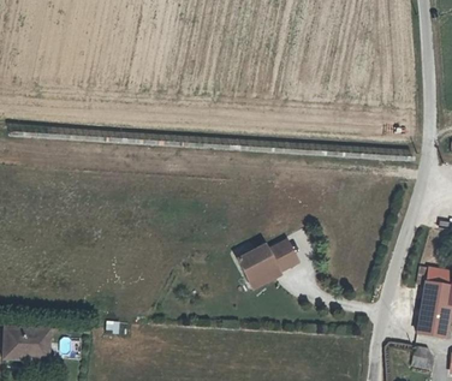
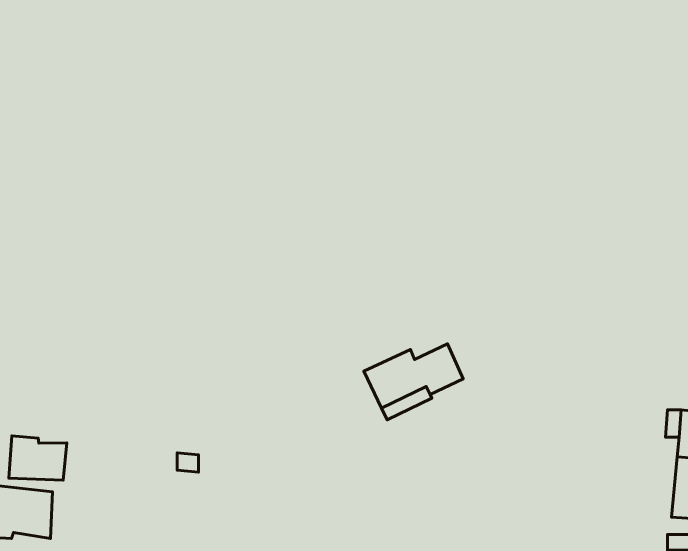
building: none -> [9,436,67,480]

